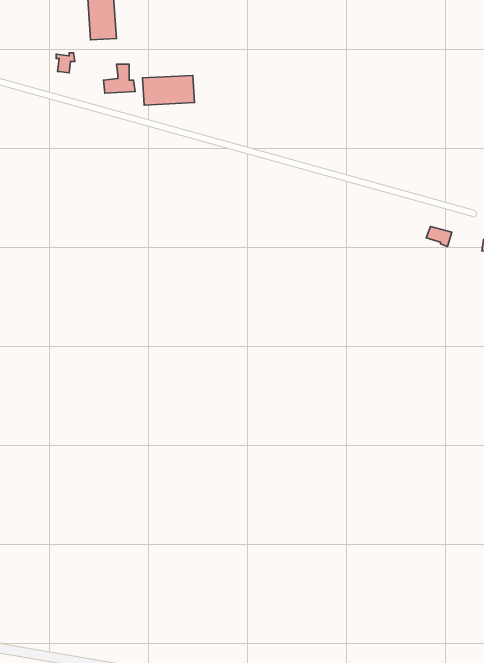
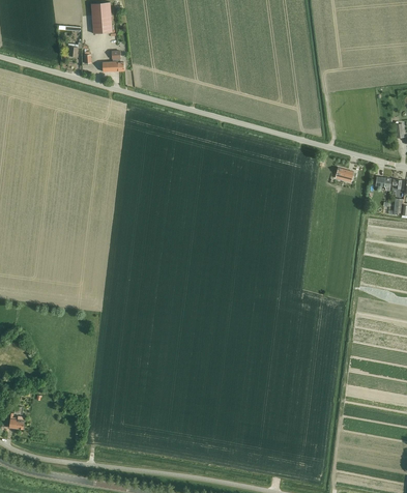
building: [142,76,194,105] -> none

